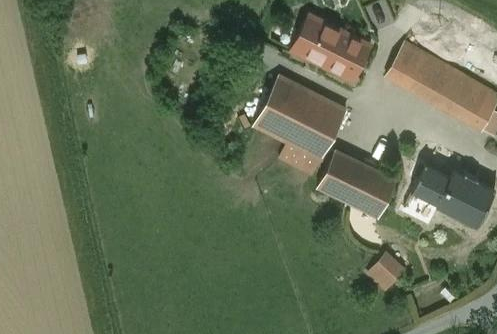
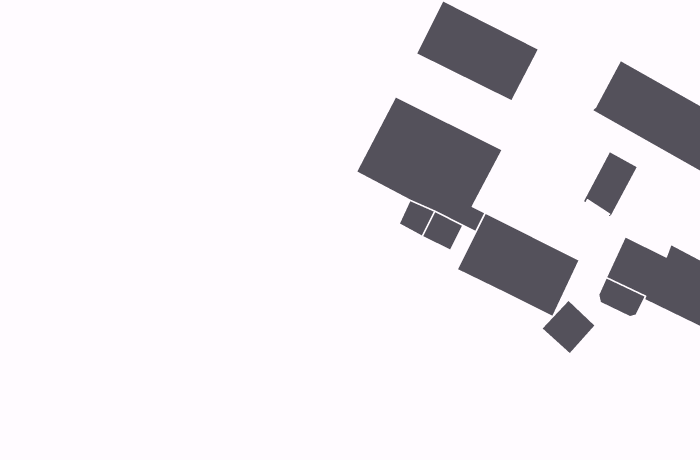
building: [387,44,422,86] -> [583,151,638,217]
building: [369,255,403,289] -> [542,300,595,354]

